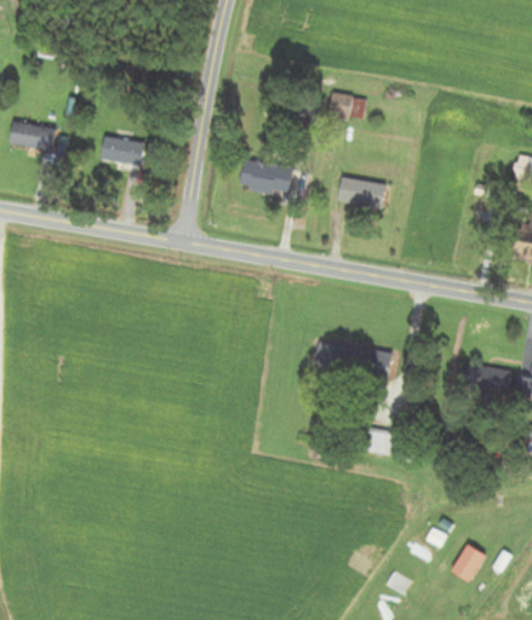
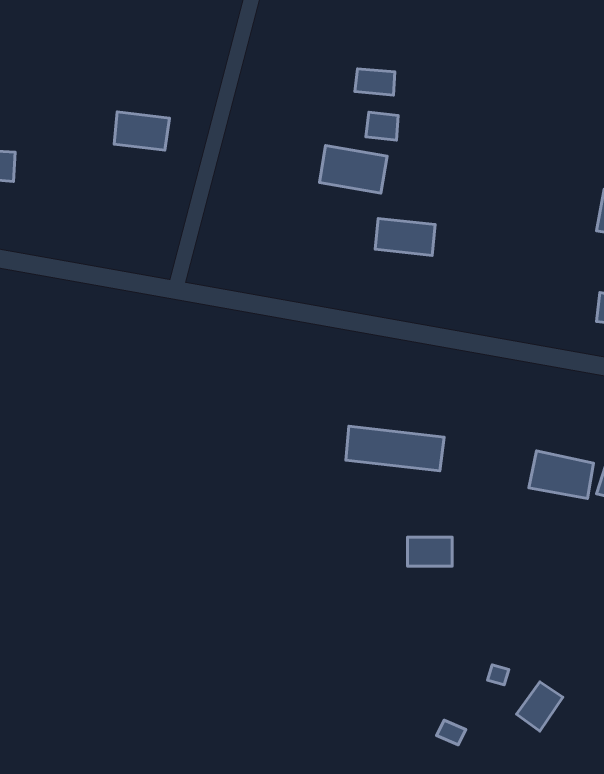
building: none -> [355,69,395,95]
building: [101,136,144,166] -> [114,112,170,150]
building: [240,157,293,195] -> [319,145,387,193]

